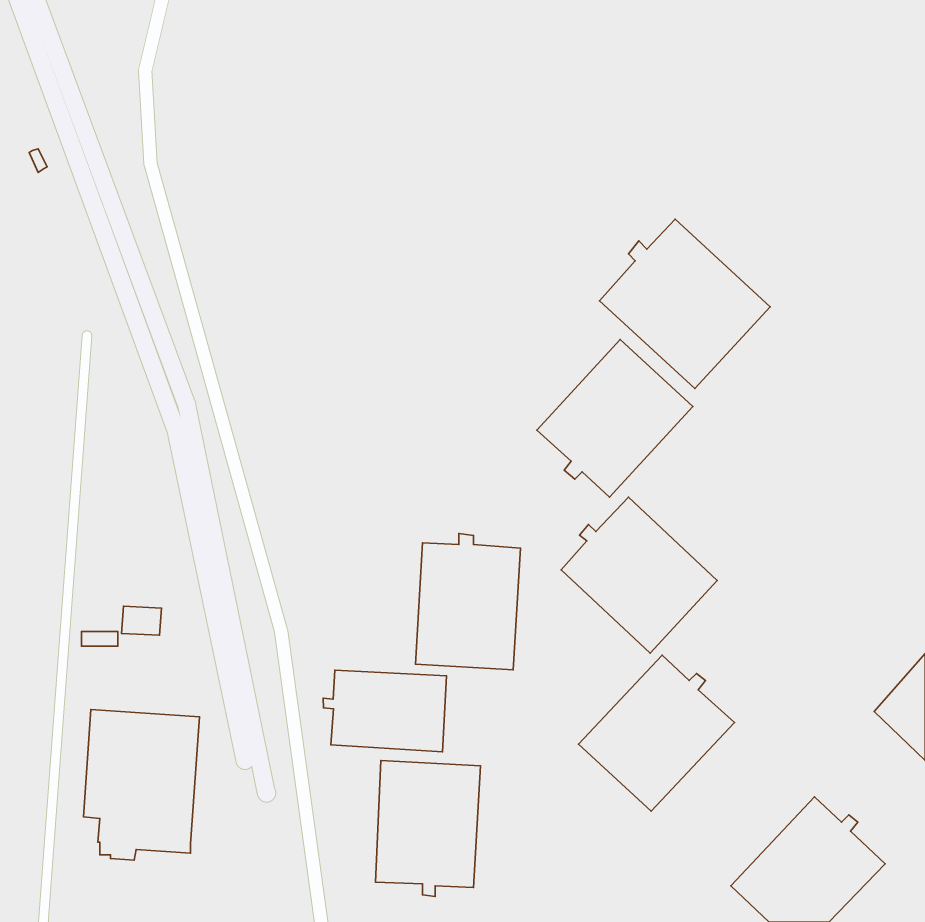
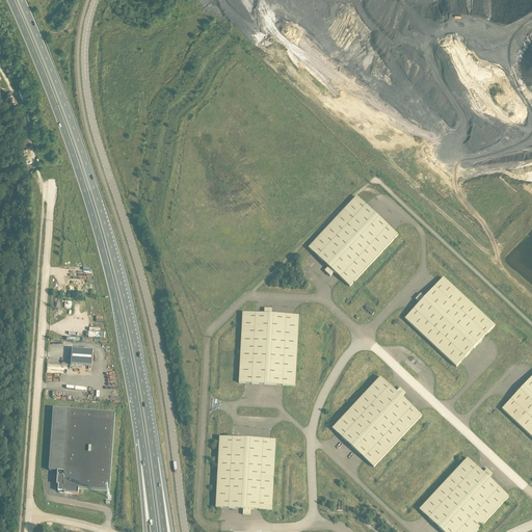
building: [600,219,770,388] -> none
building: [561,497,717,653] -> [404,275,494,365]
building: [323,670,447,752] -> none

